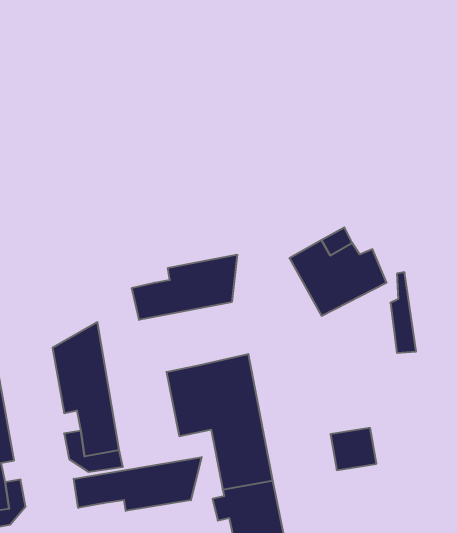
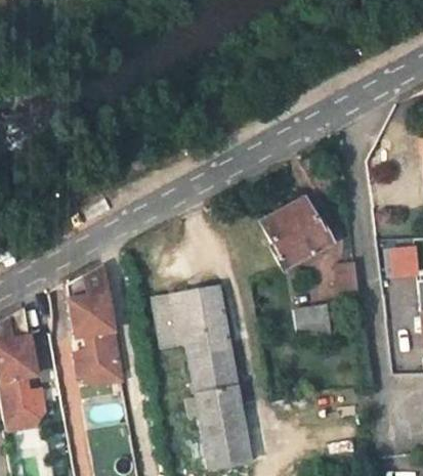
building: [132,255,237,320] -> none
building: [330,428,376,470] -> [292,296,329,330]
building: [74,457,202,511] -> none

